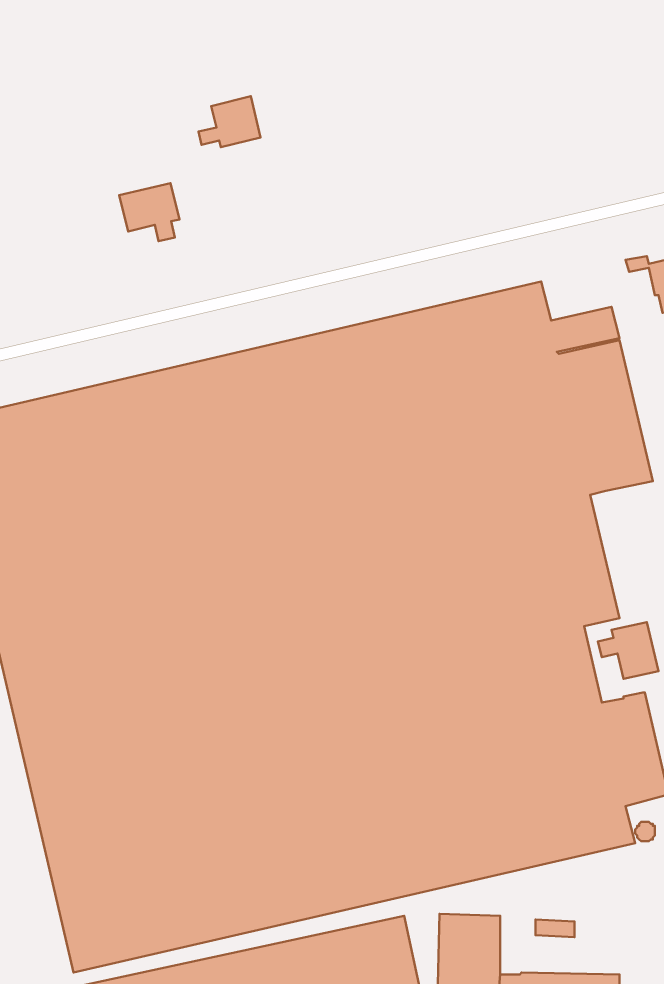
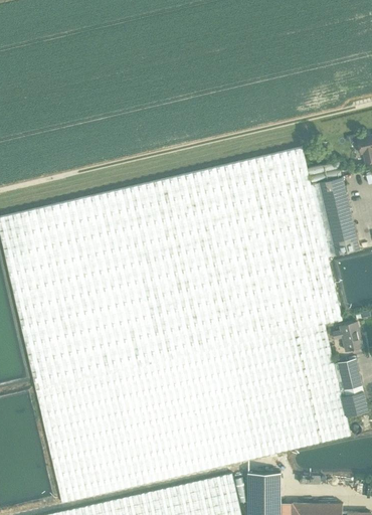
building: [199,96,260,147] -> none
building: [119,183,180,241] -> none

